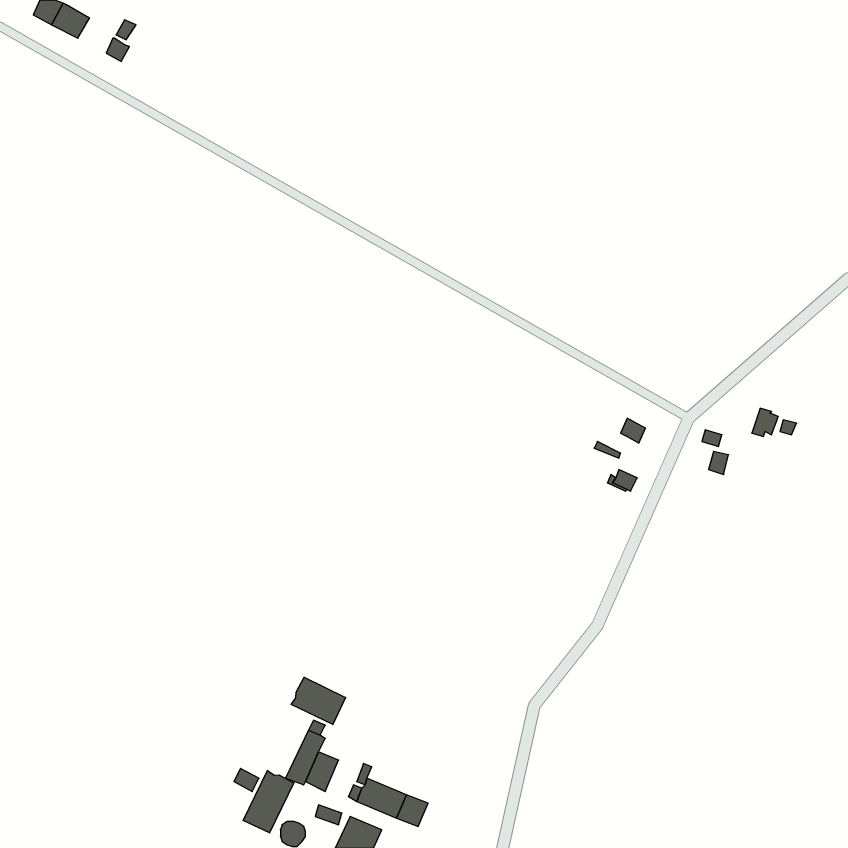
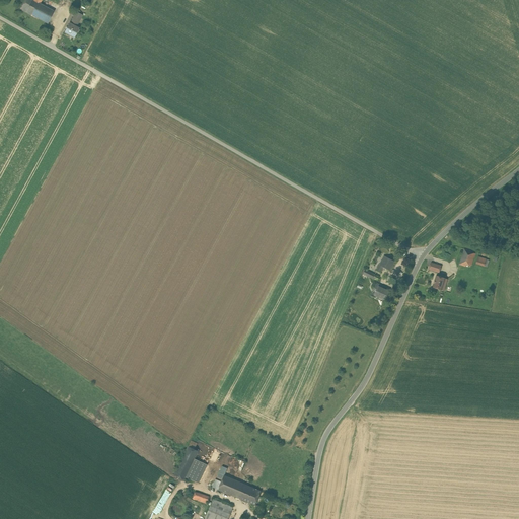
building: [291,677,346,725] -> none
building: [243,770,294,833] -> none

